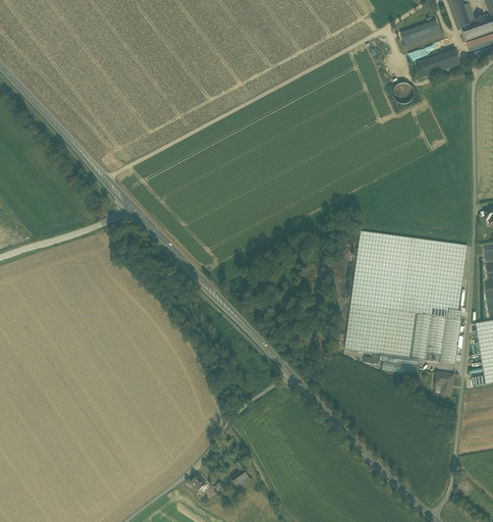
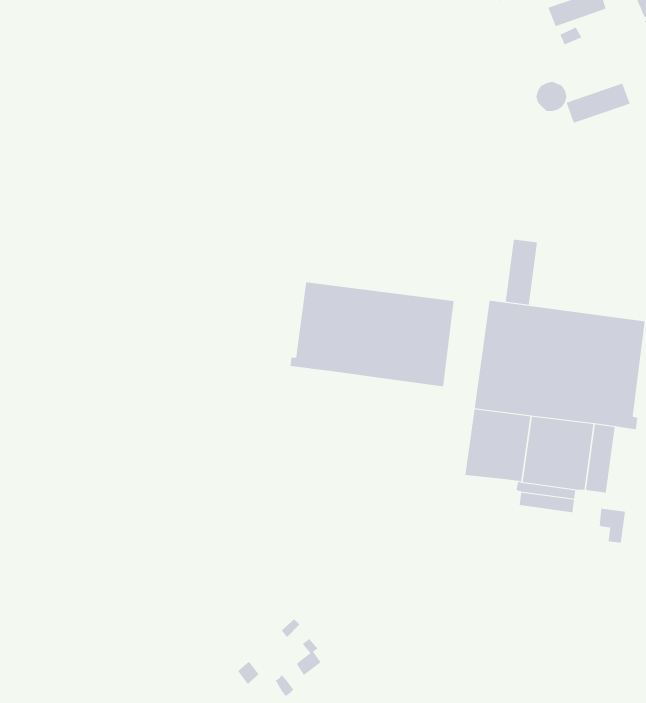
building: [417,49,460,76] -> [566,83,631,124]
building: none -> [505,239,538,305]
building: none -> [290,281,454,387]
building: [441,316,461,363] -> none

